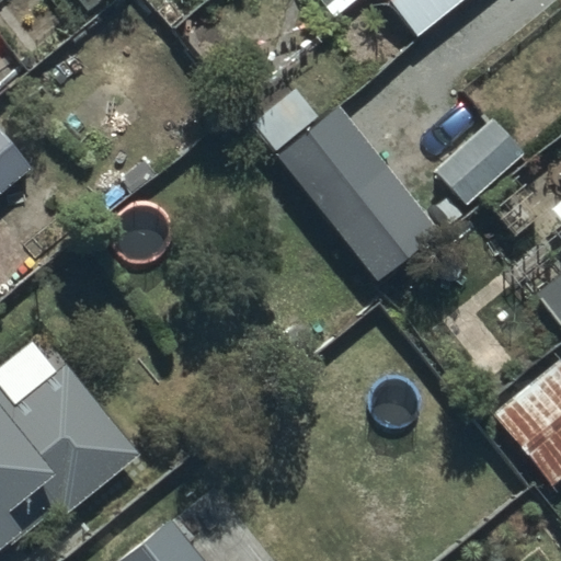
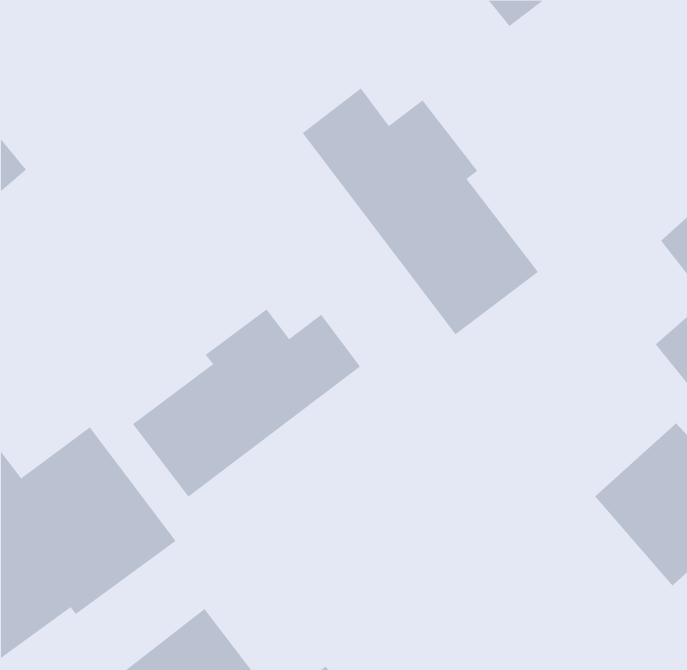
building: none -> [132,308,361,497]

